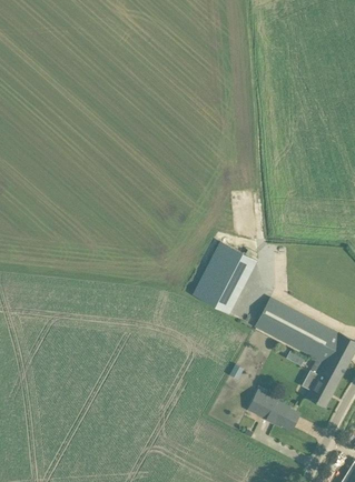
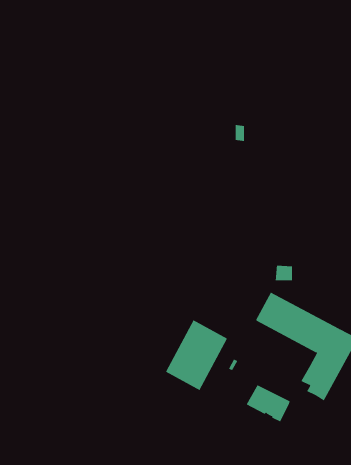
building: [193,241,255,312] -> [165,319,228,391]

